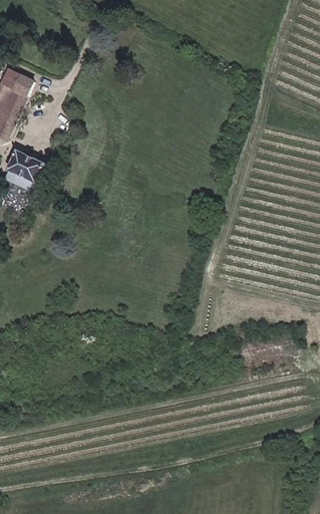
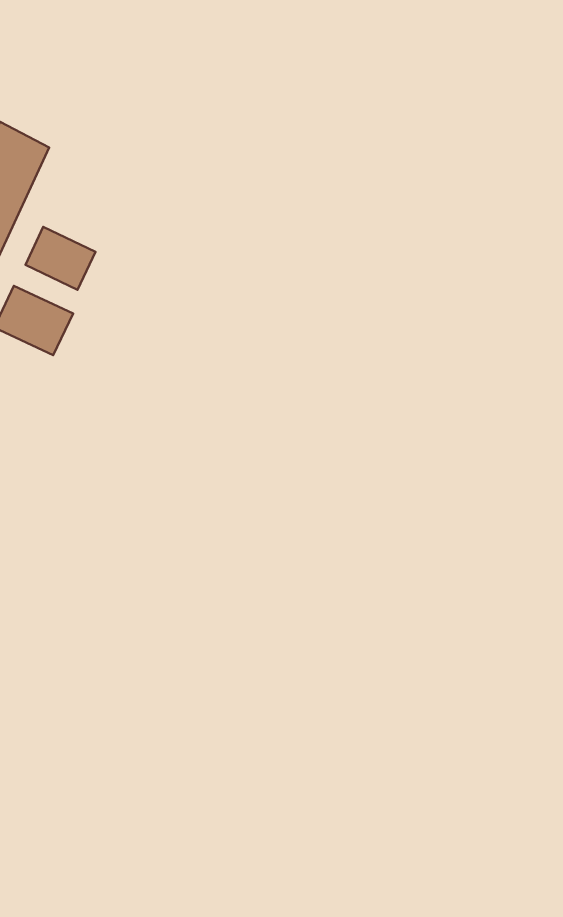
building: none -> [25,227,95,290]

